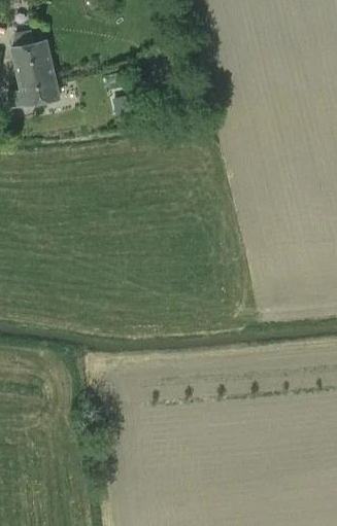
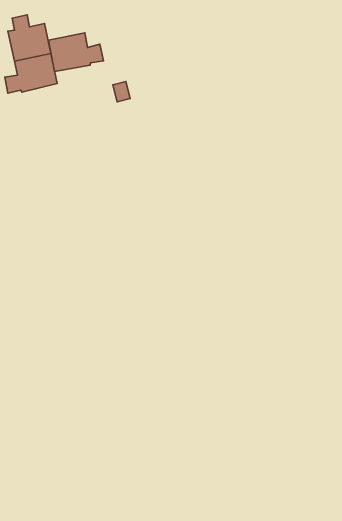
building: none -> [48,33,103,71]

